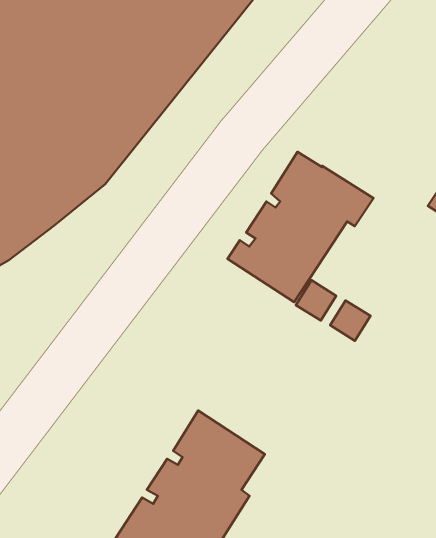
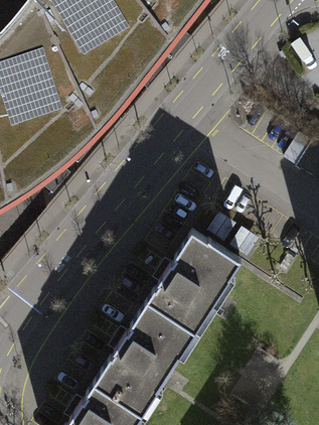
building: [228,152,373,302] -> [143,234,237,331]

